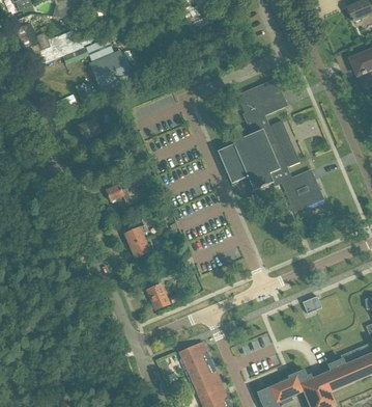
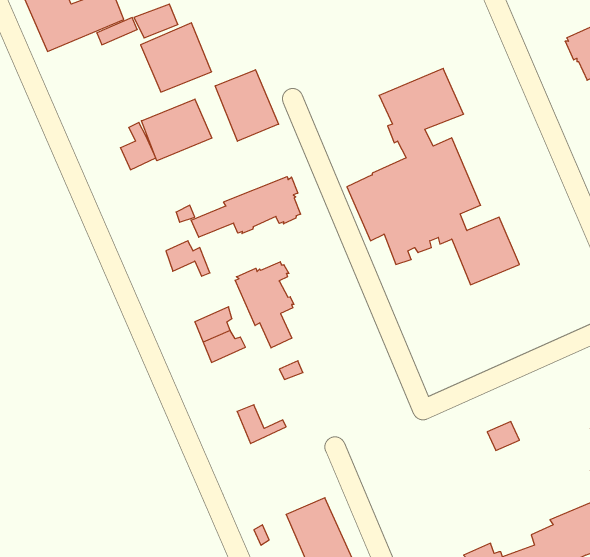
building: none -> [215,70,279,141]
building: none -> [141,99,212,161]
building: none -> [191,177,301,237]
building: none -> [235,262,294,348]

